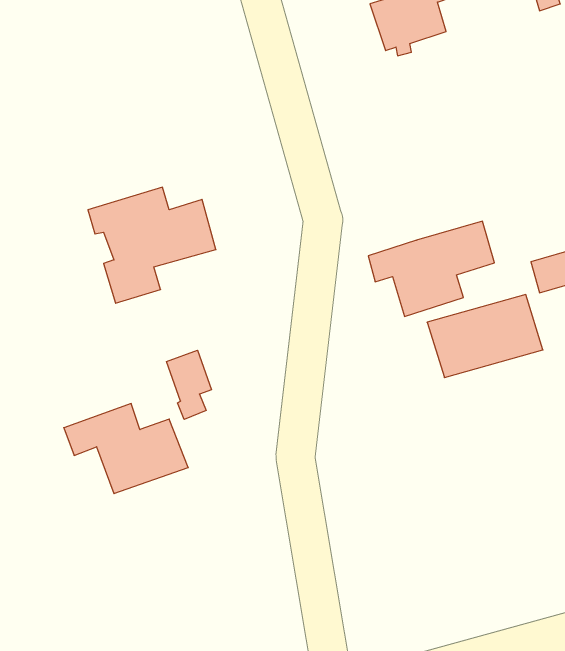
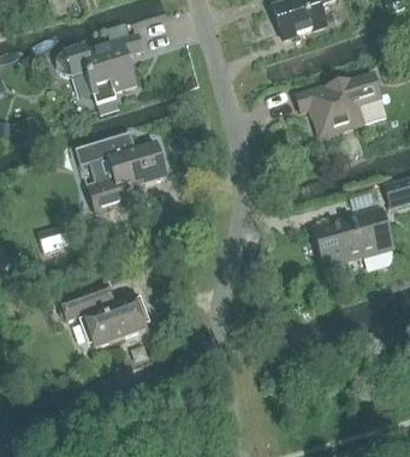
building: none -> [57,35,143,100]
building: [368,221,494,316] -> [296,70,384,136]
building: [166,350,212,419] -> none

